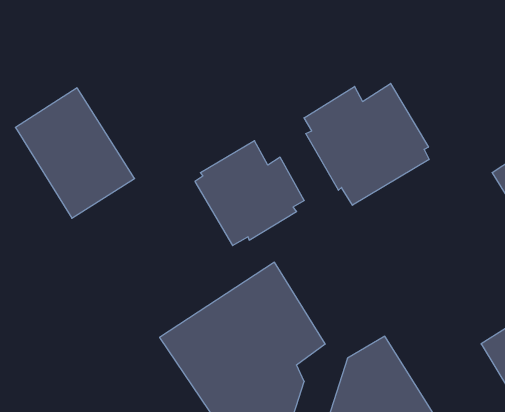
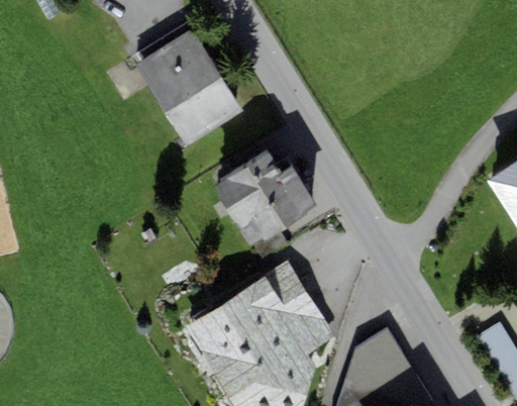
building: [304,83,429,205] -> none
building: [15,88,135,218] -> [135,28,244,147]

